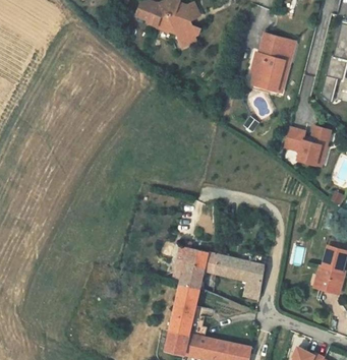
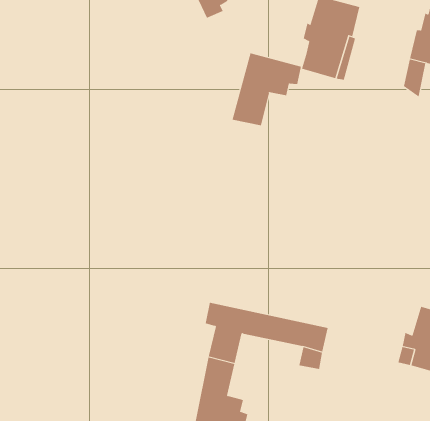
building: none -> [232,52,302,126]
building: [282,123,329,162] -> none

